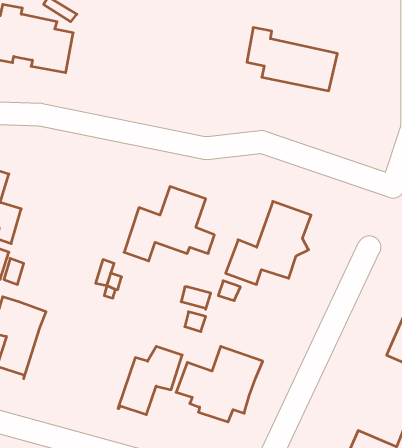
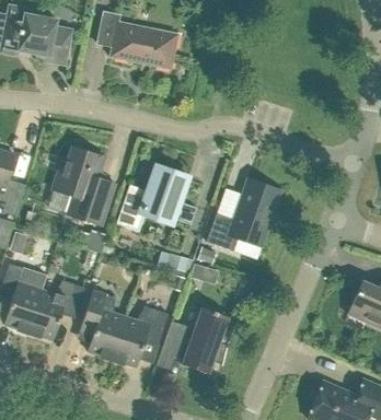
building: [247,28,337,91] -> [97,12,177,68]
building: none -> [51,147,115,225]
building: none -> [27,280,84,340]
building: none -> [82,290,126,361]

